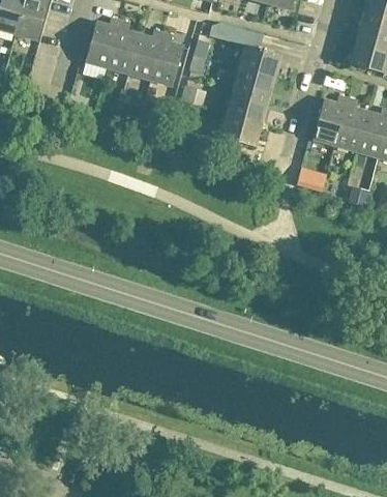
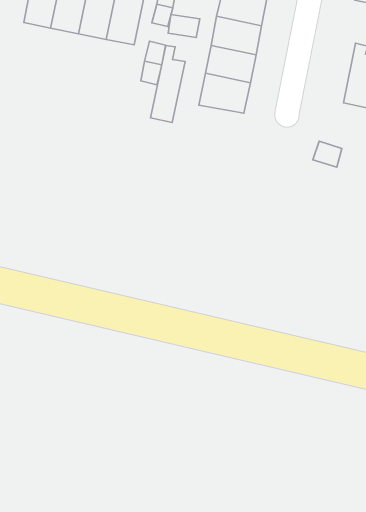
building: none -> [151,46,185,122]
building: [312,95,348,144] -> none

